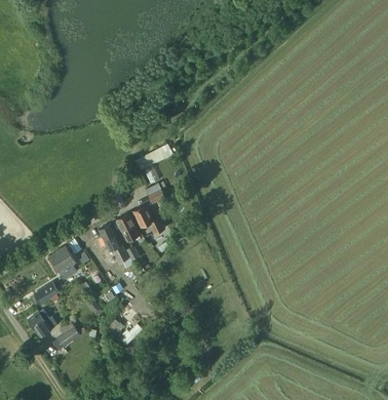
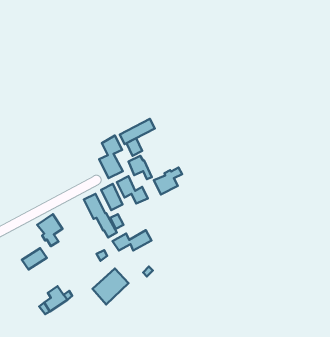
building: none -> [99,136,123,178]
building: none -> [154,167,182,195]
building: none -> [113,230,151,251]
building: [26,310,54,337] -> none

